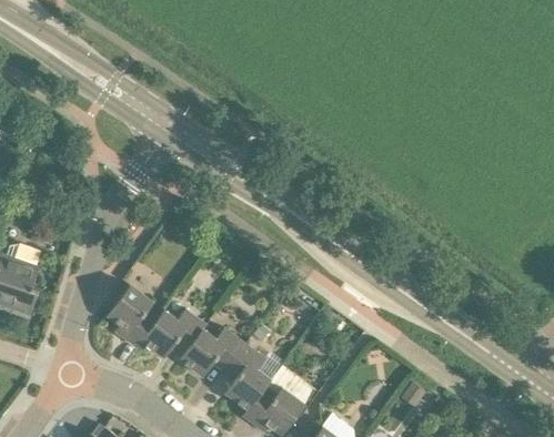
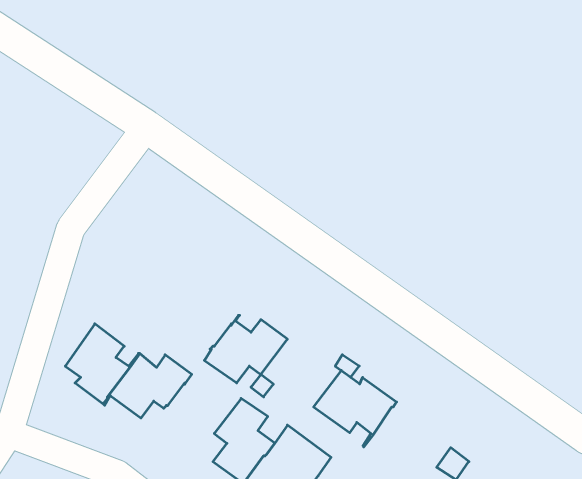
building: none -> [314,370,397,447]
building: [180,325,245,378] -> [204,315,287,383]

